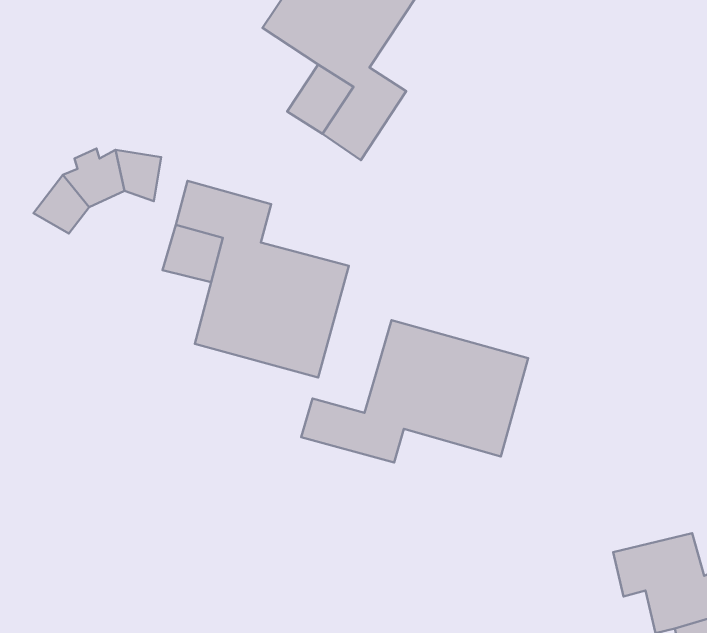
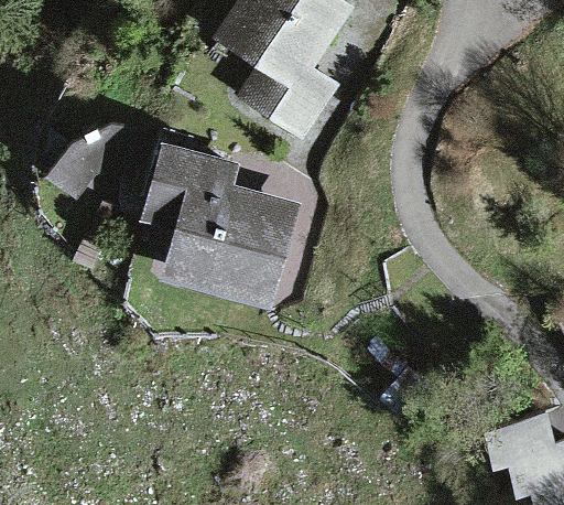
building: [301,320,528,462] -> none

